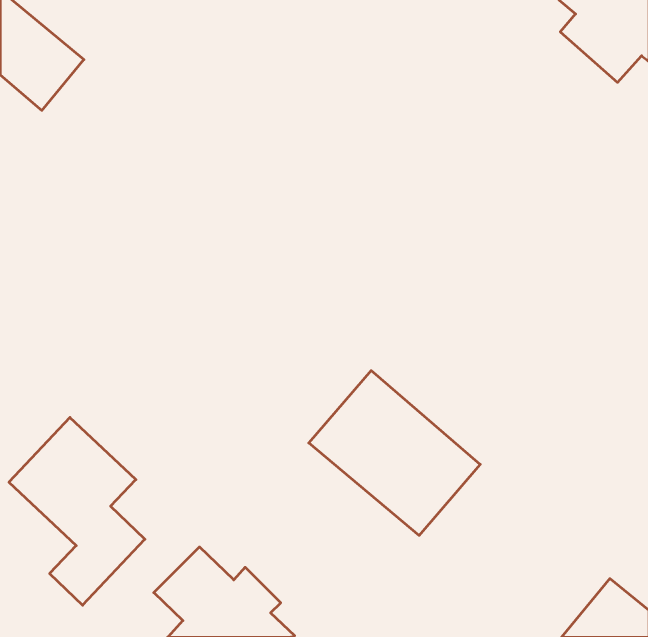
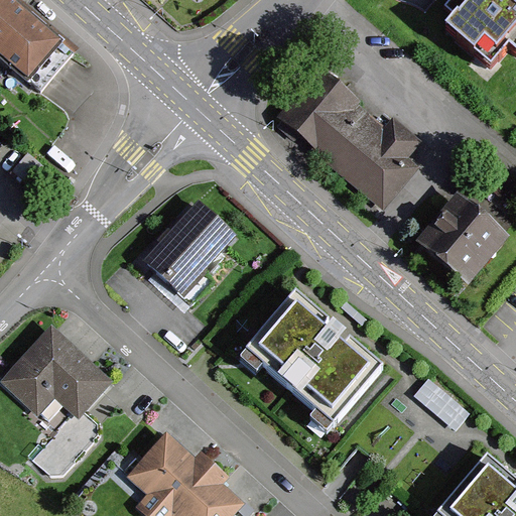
building: none -> [276,59,422,205]
building: none -> [405,189,501,284]
building: none -> [150,210,234,307]
building: none -> [413,379,468,428]

